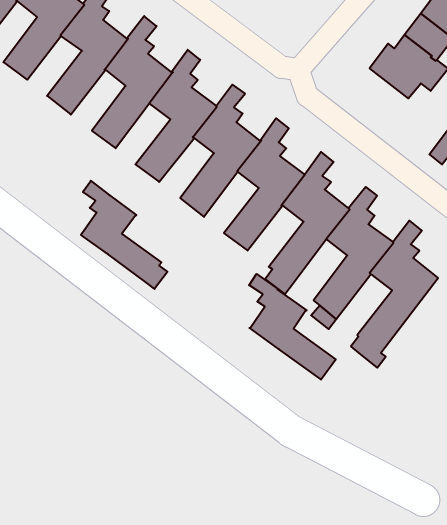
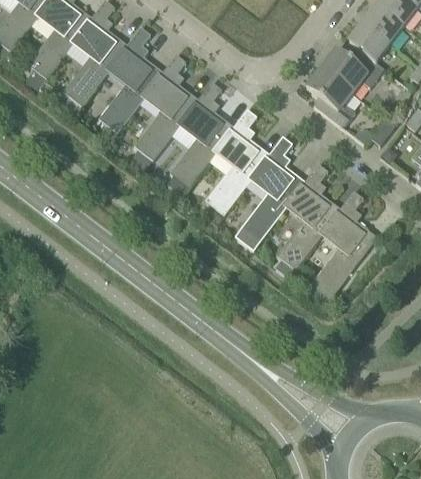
building: none -> [306,69,354,128]
building: [81,181,167,289] -> none
building: [249,274,336,380] -> none

